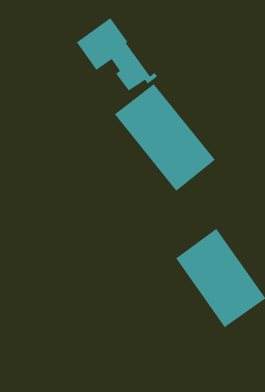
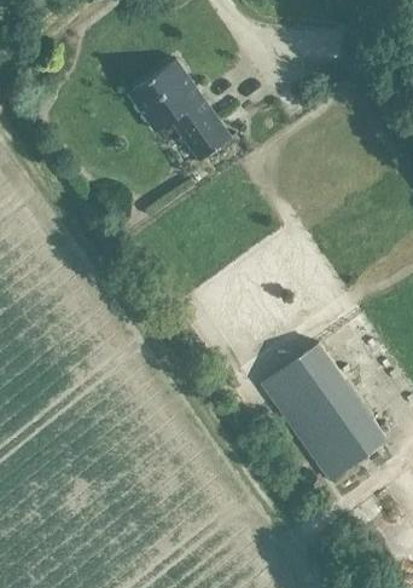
building: [114,83,216,192] -> none

